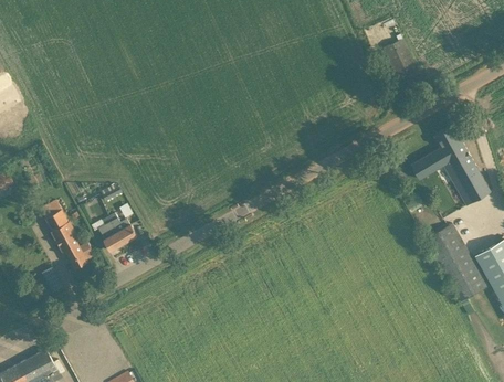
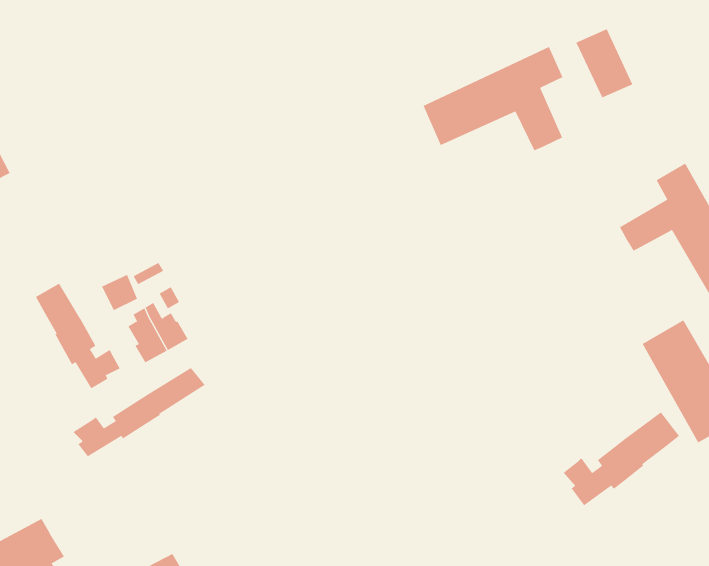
building: none -> [423,46,563,151]
building: none -> [73,367,206,457]
building: none -> [563,412,680,506]

